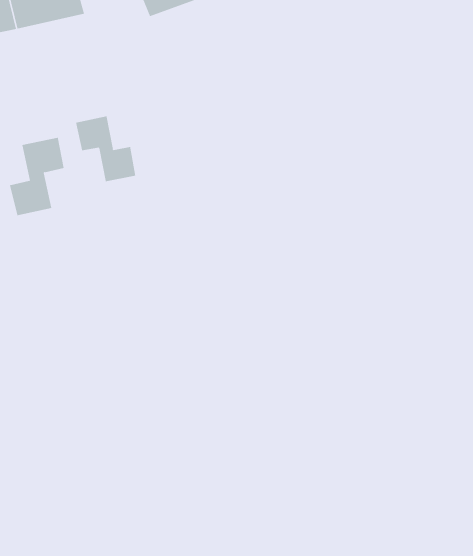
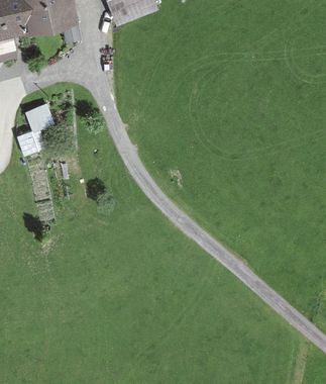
building: [75,116,136,182] -> none

